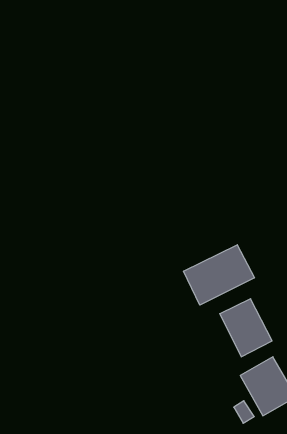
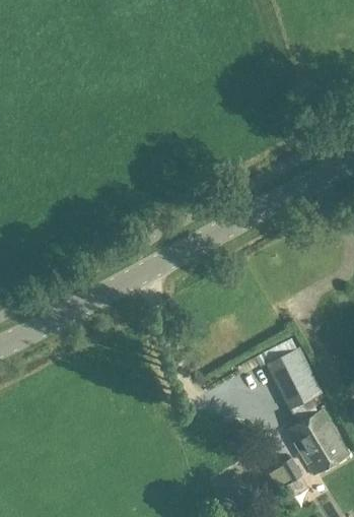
building: [184,245,254,305] -> none

